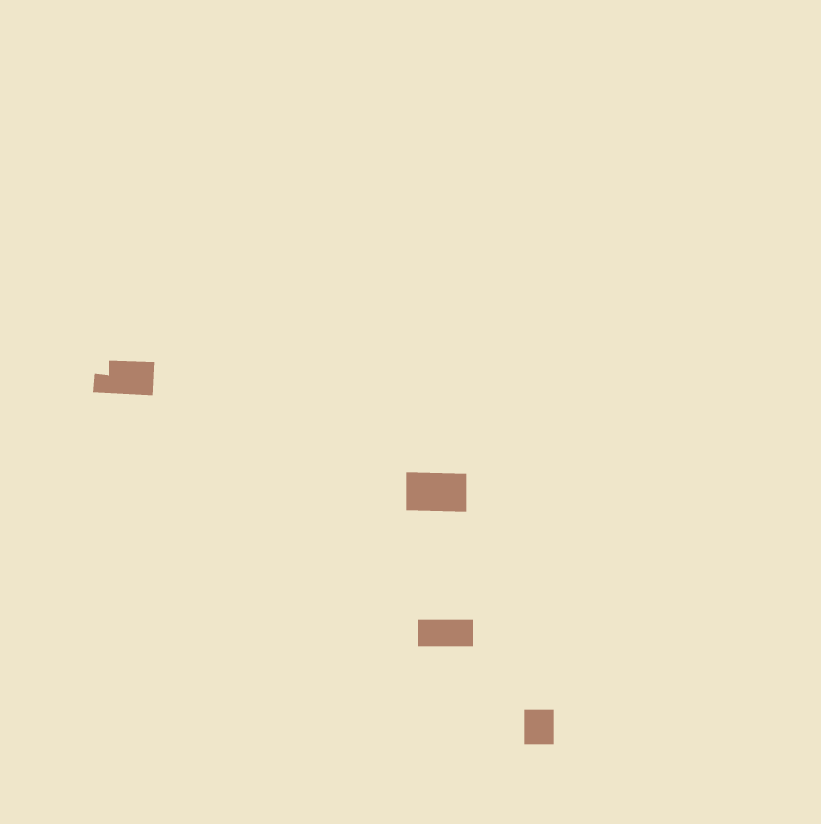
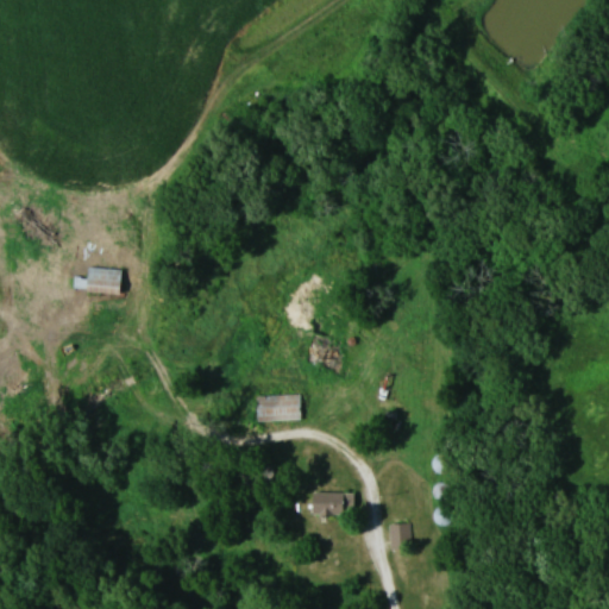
building: none -> [262,394,300,420]
building: [417,619,474,647] -> [313,494,354,514]

